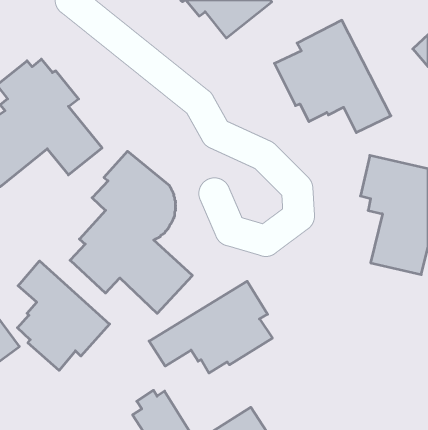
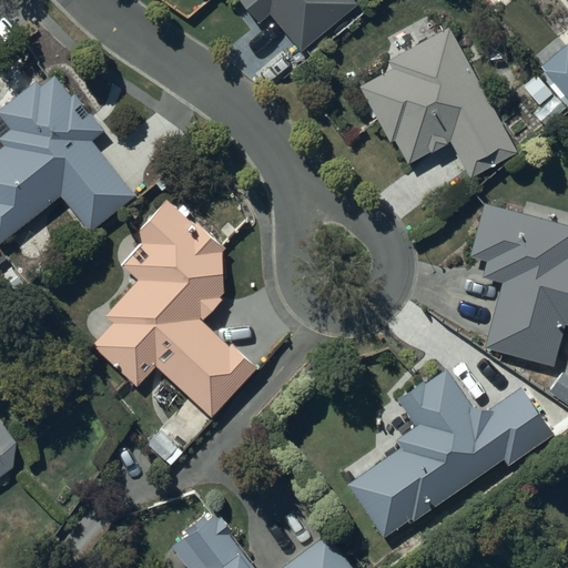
building: [17,261,110,370] -> none
building: [149,281,272,373] -> none
building: none -> [346,373,552,538]

